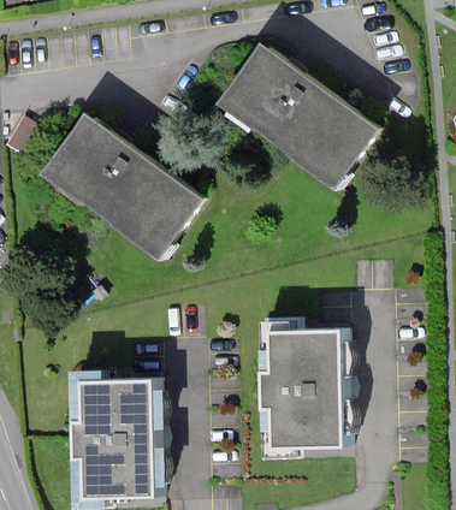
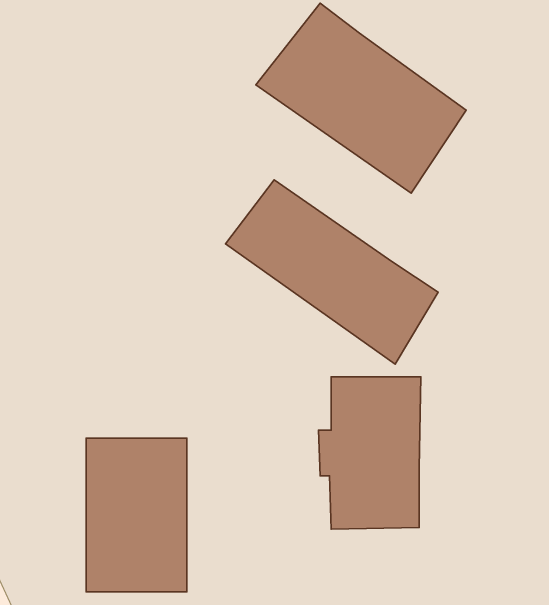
building: [43,117,202,259] -> none
building: none -> [225,180,438,364]

